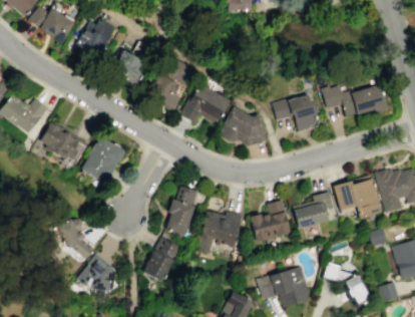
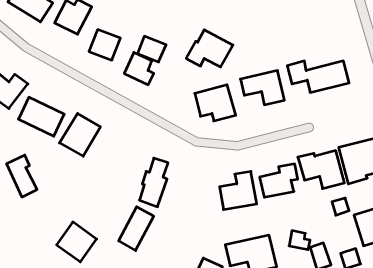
building: [181,85,231,124] -> [186,30,233,67]
building: [196,211,242,255] -> none
building: [59,217,91,261] -> [7,155,37,197]

